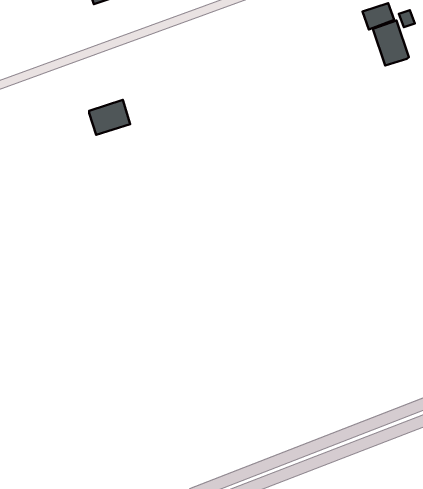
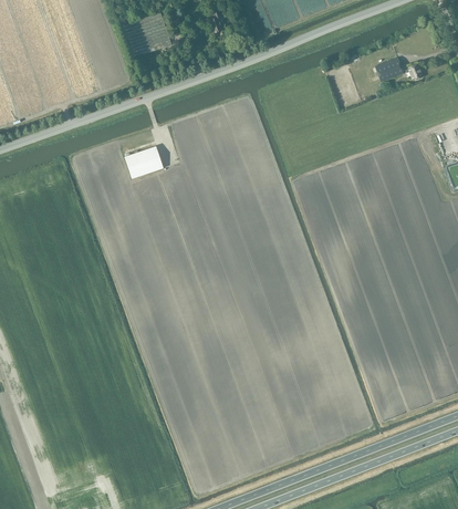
building: [373,20,409,66] -> none

